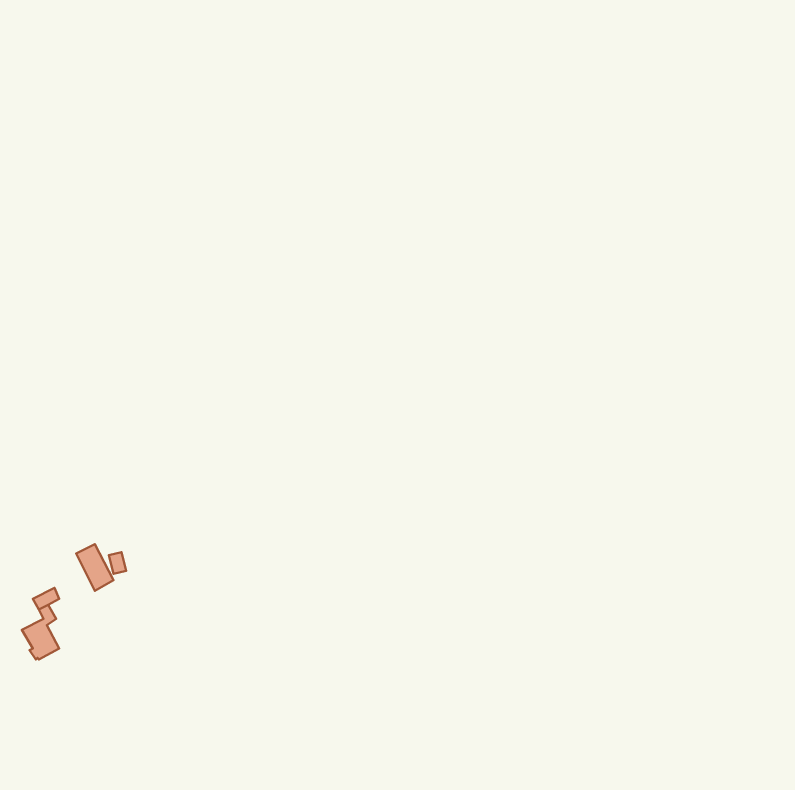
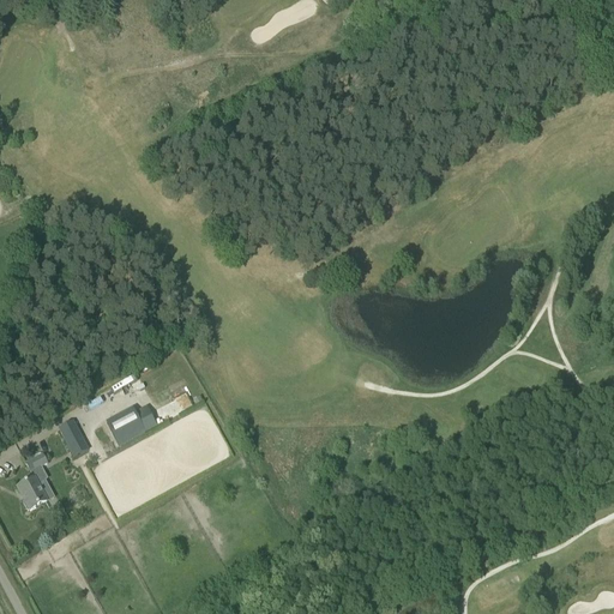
building: none -> [112,404,148,437]

